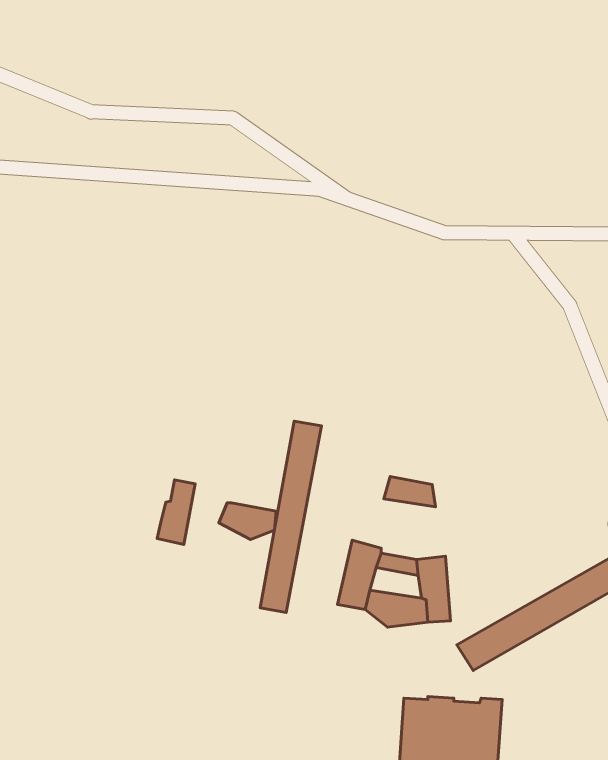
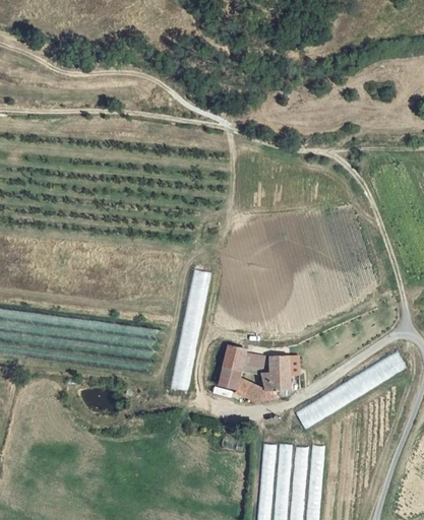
building: [384,476,435,507] -> [240,363,272,382]
building: [157,480,195,545] -> none
building: [219,503,276,539] -> none

